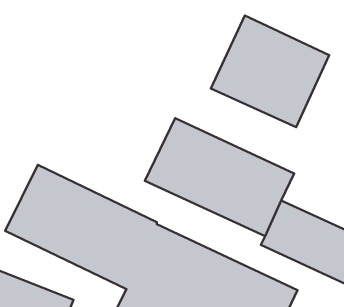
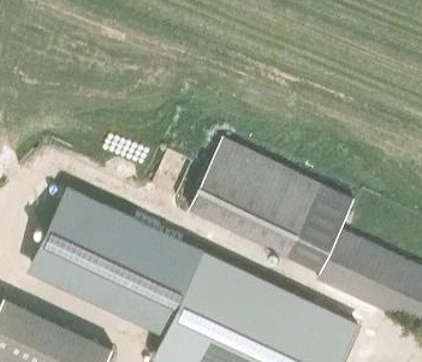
building: [211,16,329,127] -> none

